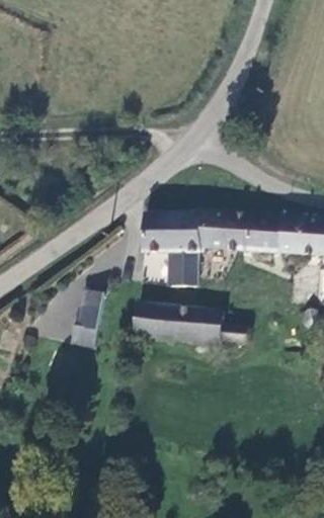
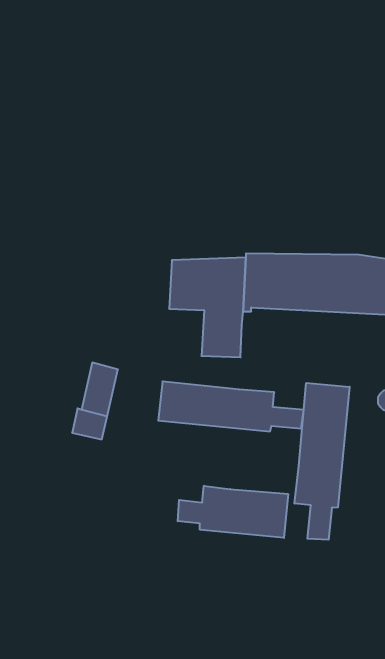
building: none -> [295,383,350,540]
building: none -> [178,486,288,538]

